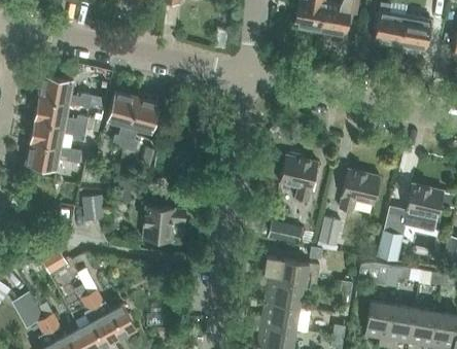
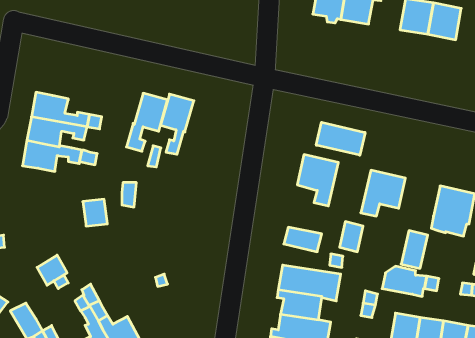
building: [39,74,93,108] -> none
building: [107,92,138,147] -> [160,94,194,154]
building: none -> [316,122,365,155]
building: [143,207,186,241] -> none

